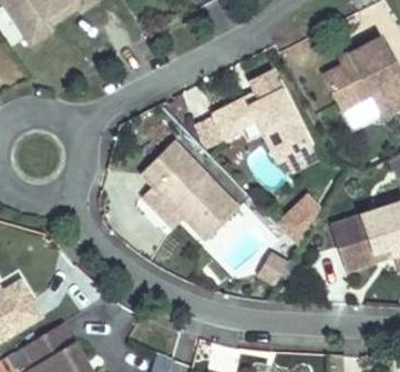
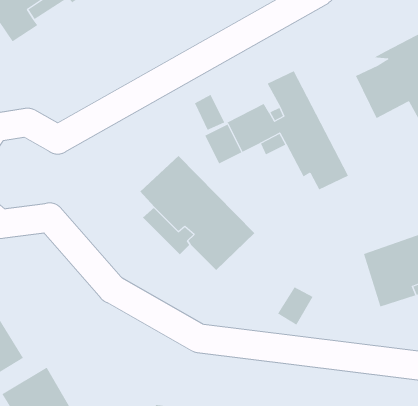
building: [276,193,320,244] -> none

